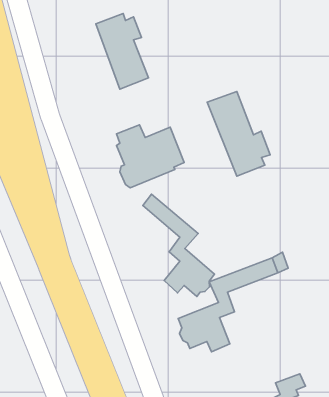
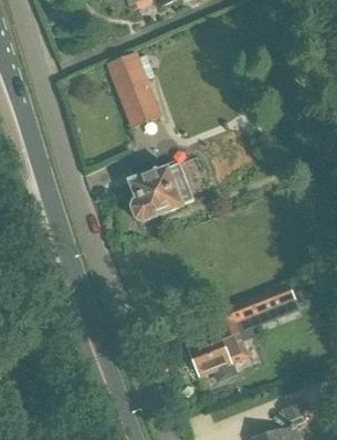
building: [207,91,270,176] -> none
building: [143,194,214,296] -> none

